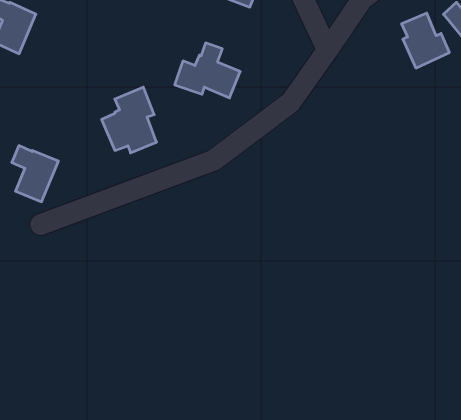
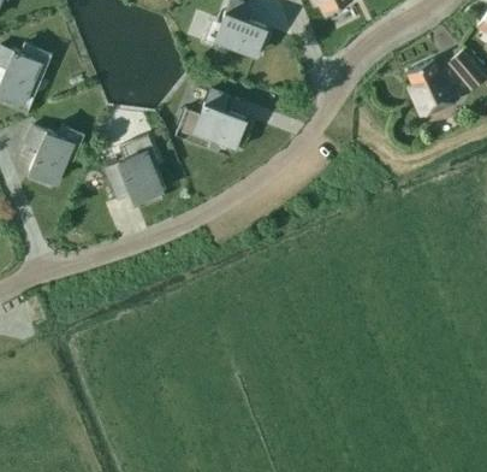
building: [12,146,58,202] -> [26,125,73,182]

